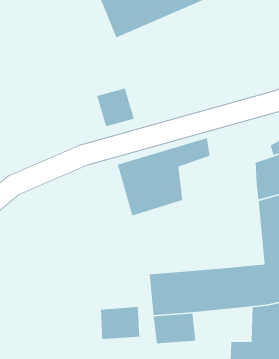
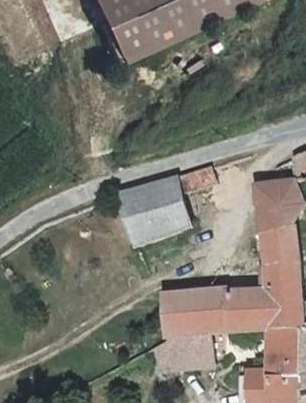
building: [96,88,135,127] -> none
building: [100,306,140,340] -> none

